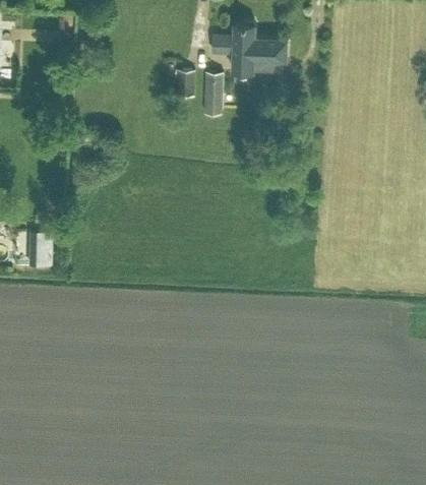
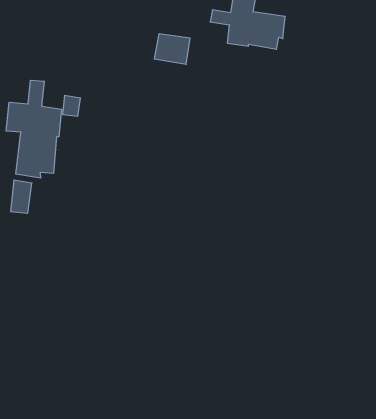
building: [203,73,224,115] -> none
building: none -> [6,80,62,178]

